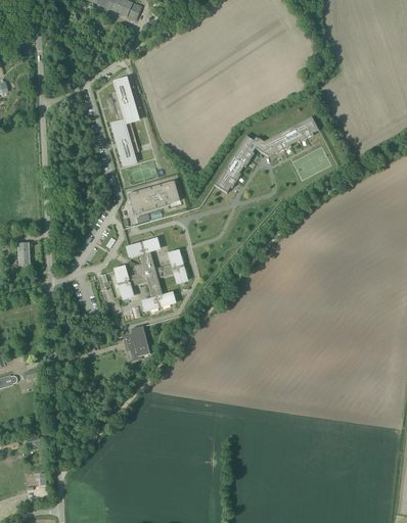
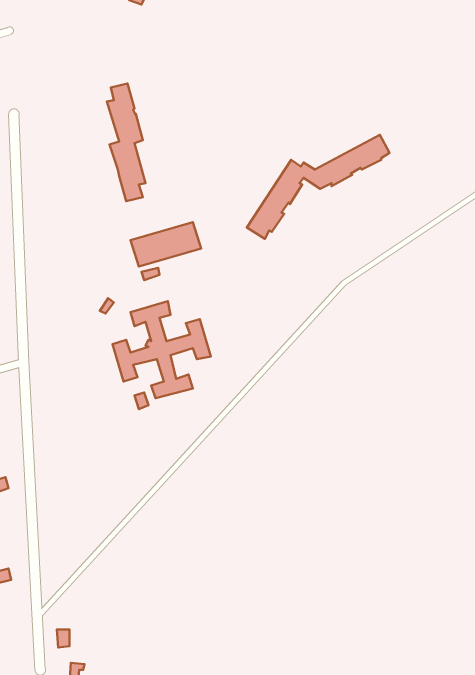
building: [123,326,150,362] -> none

